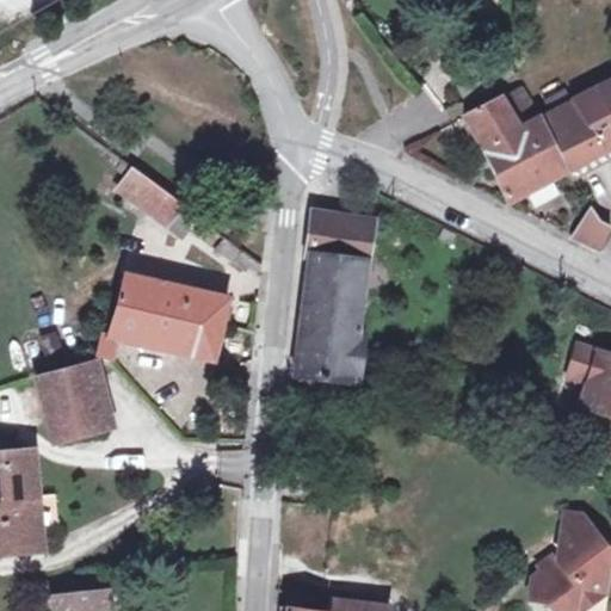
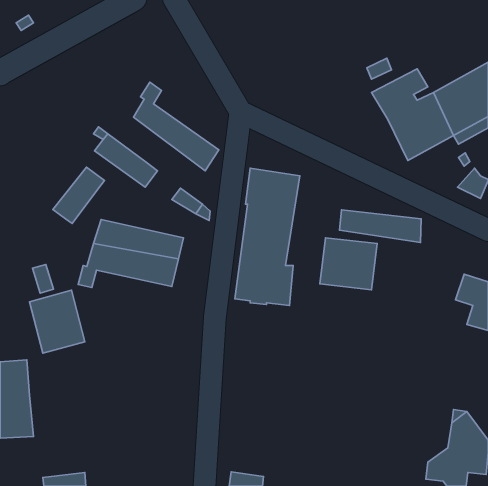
building: none -> [134,82,219,171]
building: none -> [53,167,104,223]
building: none -> [339,210,421,242]
building: none -> [320,238,377,290]

